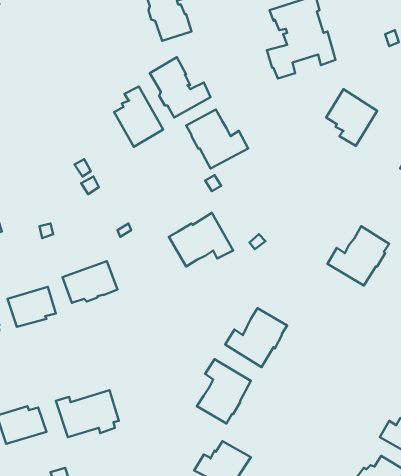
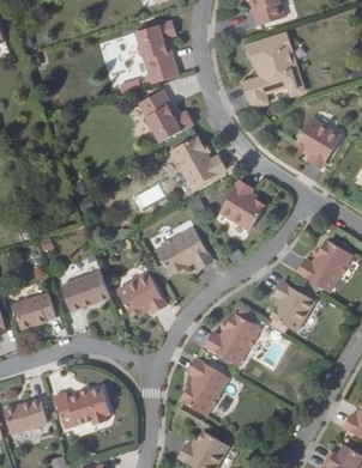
building: [114,86,163,147] -> none
building: none -> [219,180,265,230]
building: none -> [116,272,165,315]
building: none -> [271,281,314,332]

